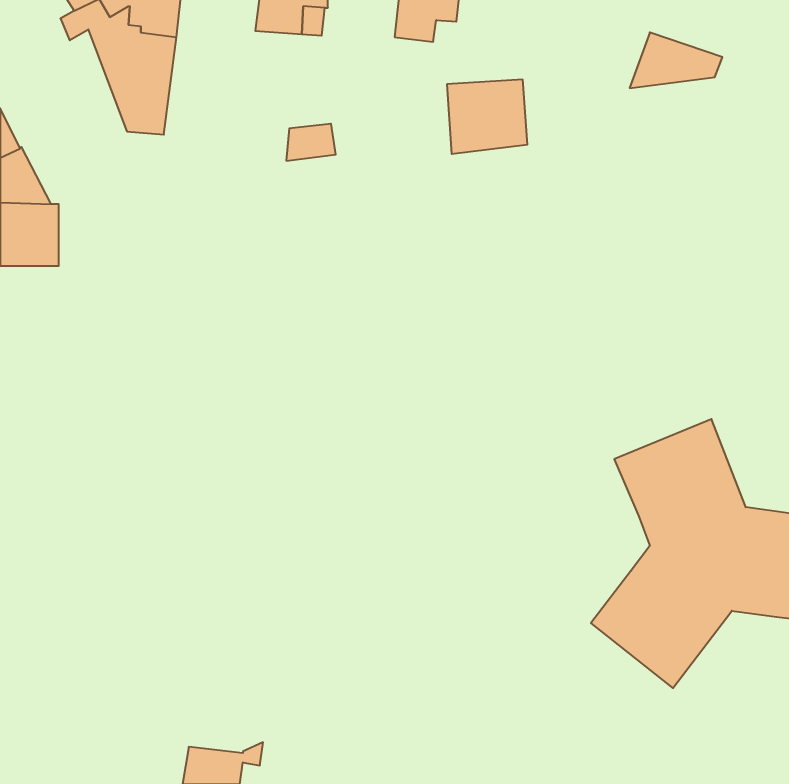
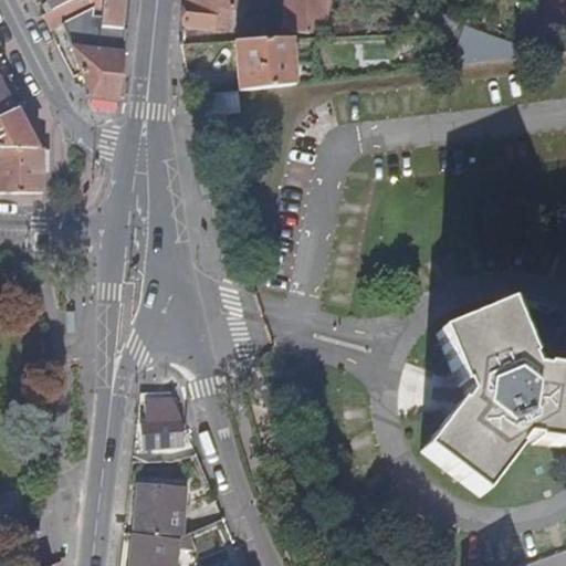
building: [447,80,527,154] -> [238,35,295,88]
building: none -> [142,410,182,443]
building: none -> [135,482,186,531]

